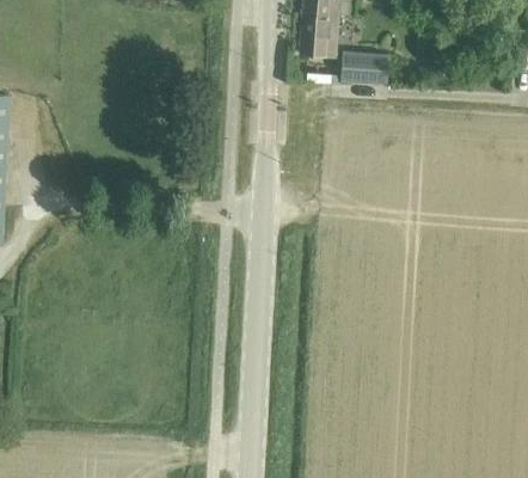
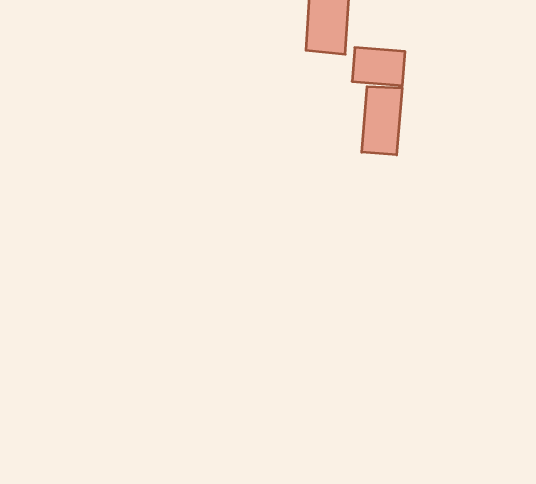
building: none -> [362,87,402,155]

